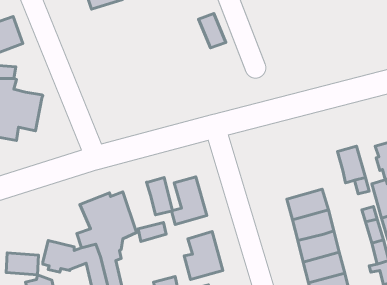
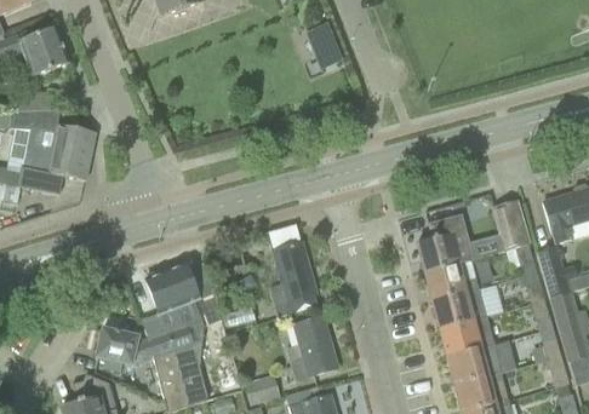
building: none -> [417,203,471,272]
building: [147,178,172,215] -> none
building: [6,253,39,275] -> none

